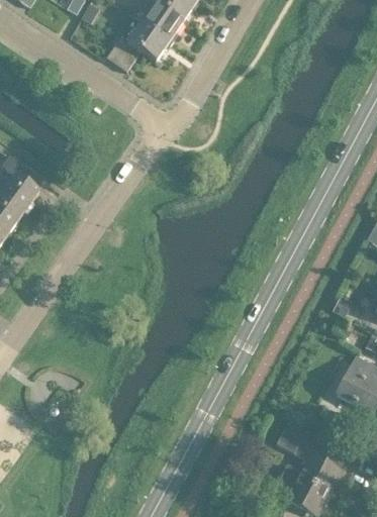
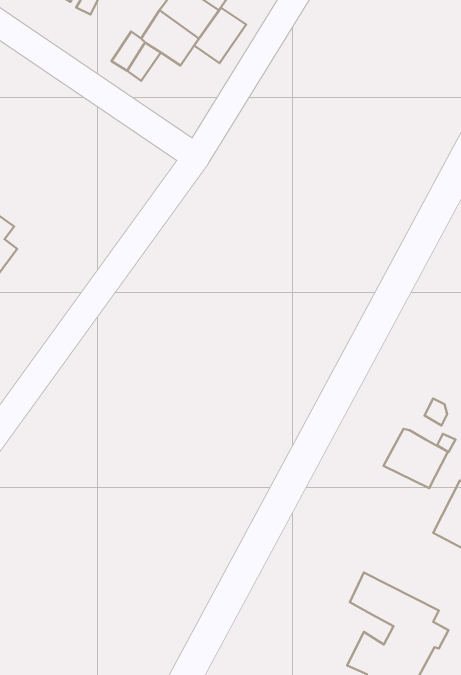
building: none -> [194,8,246,63]
building: none -> [383,429,448,488]

